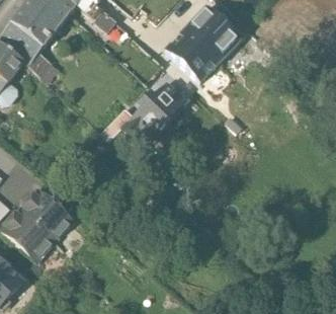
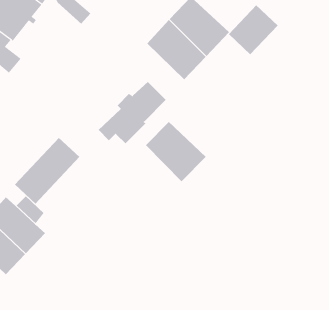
building: none -> [228,4,278,55]
building: none -> [145,121,206,182]
building: none -> [14,137,80,204]

